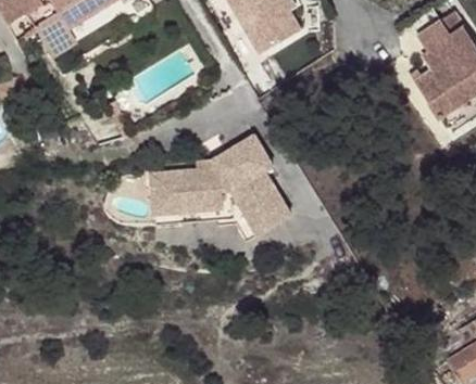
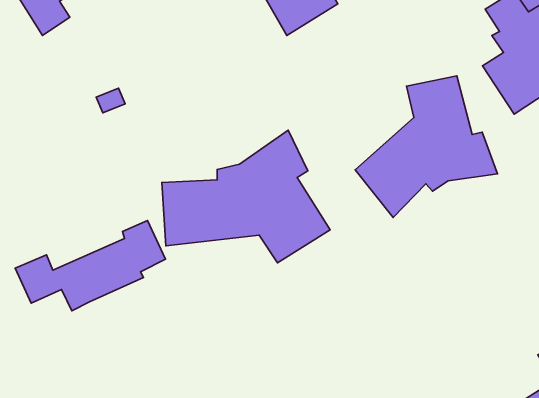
building: none -> [355,76,497,217]
building: none -> [15,221,165,311]

